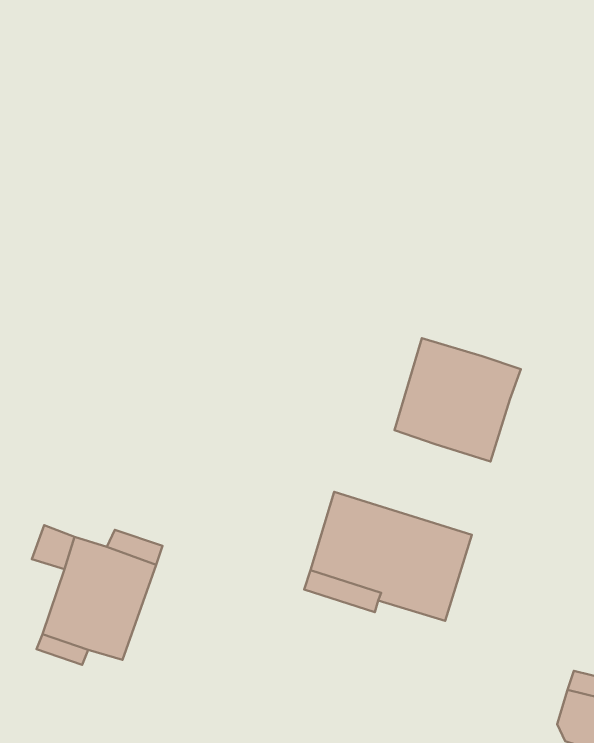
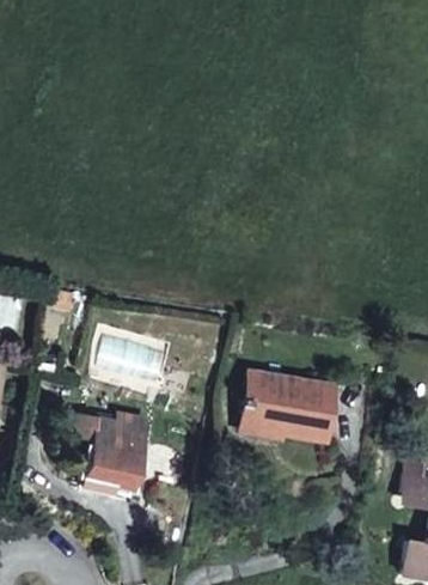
building: [395,338,521,461] -> none

